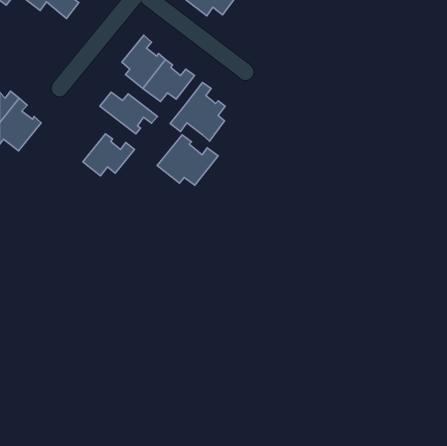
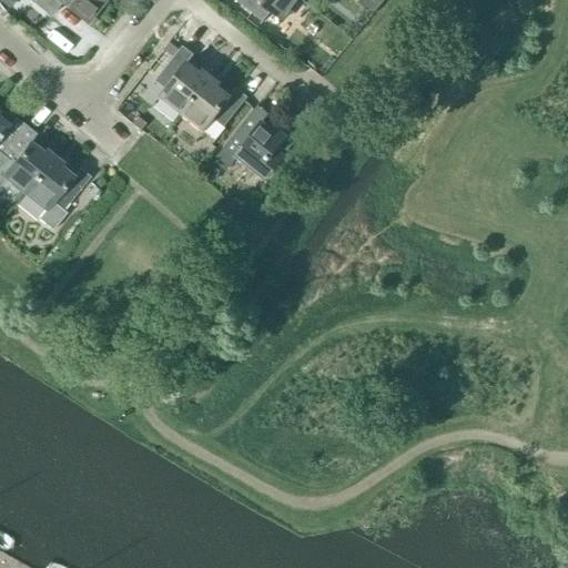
building: [100,92,157,134] -> none
building: [83,134,135,176] -> [23,155,89,209]
building: [157,135,218,185] -> none

